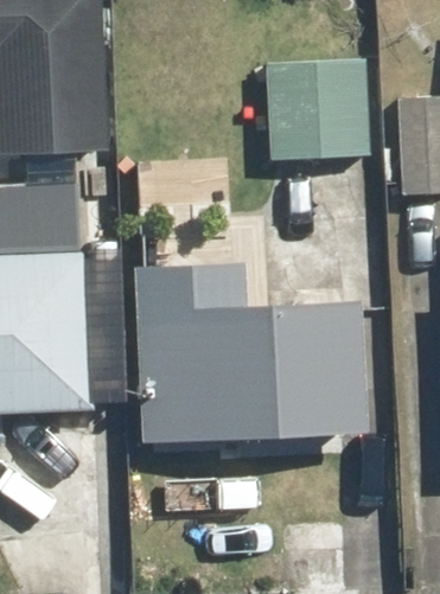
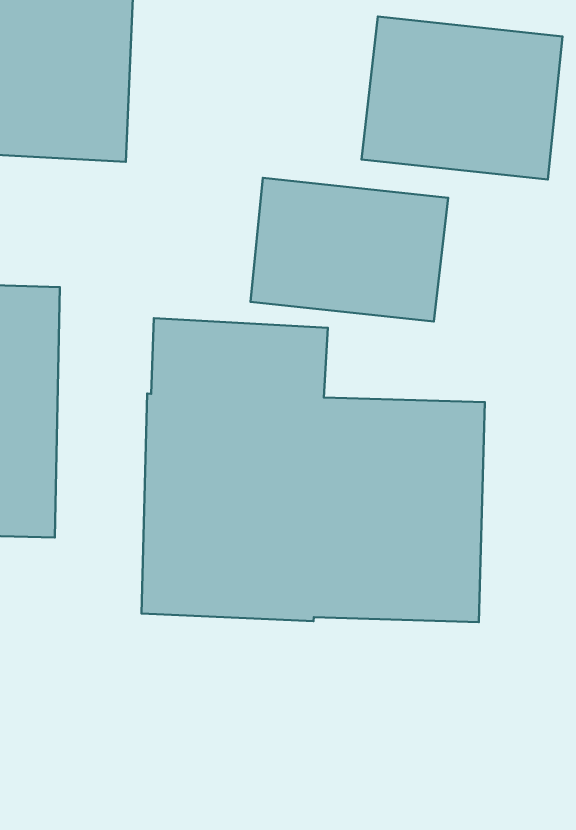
building: none -> [250,178,448,322]

